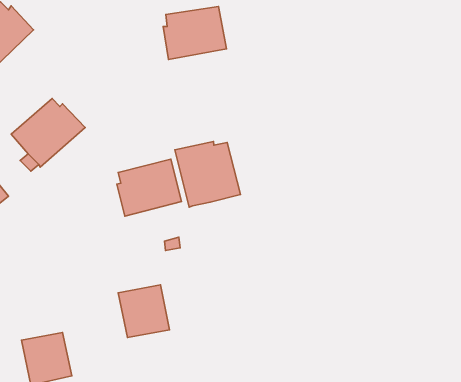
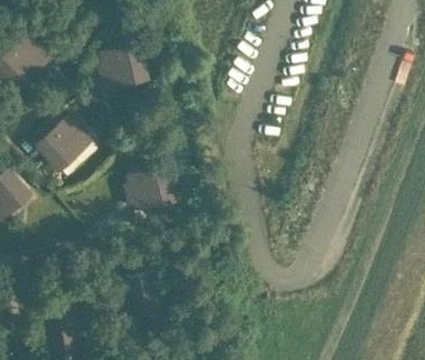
building: [163,7,227,60] -> [98,46,151,90]
building: [175,142,241,207] -> none

